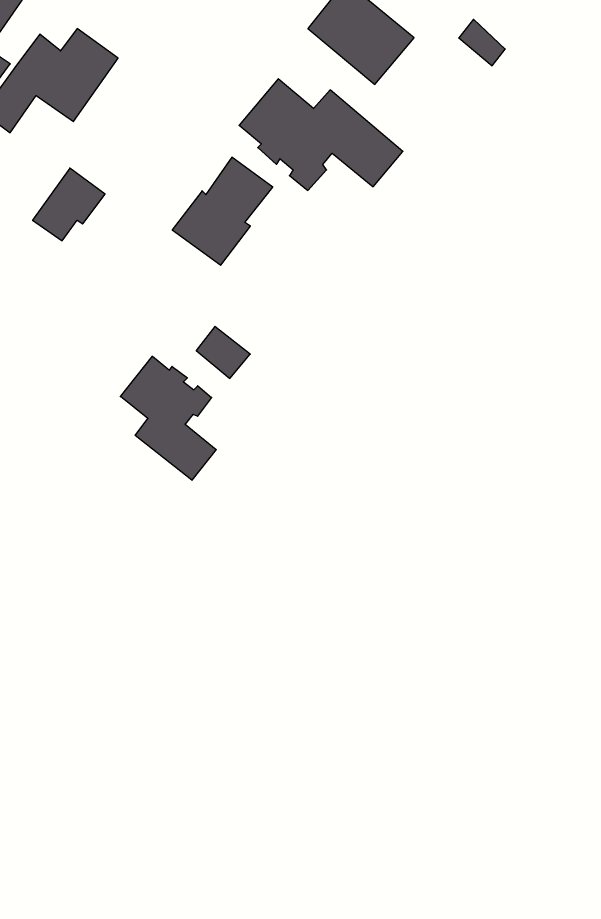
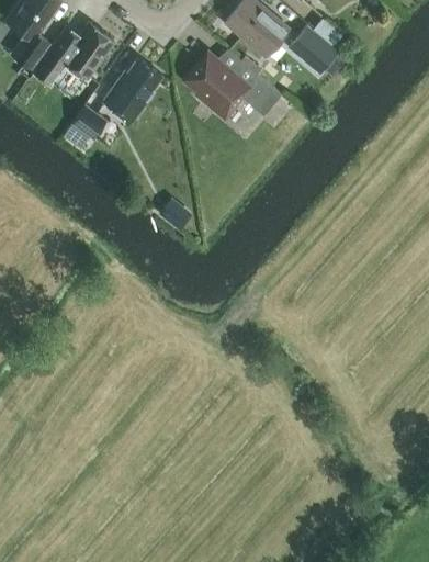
building: none -> [291,27,337,72]
building: [172,157,273,265] -> [102,58,161,122]
building: [120,356,216,480] -> none

